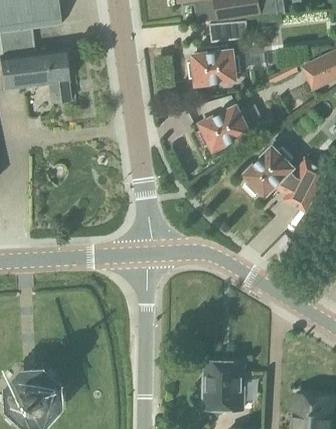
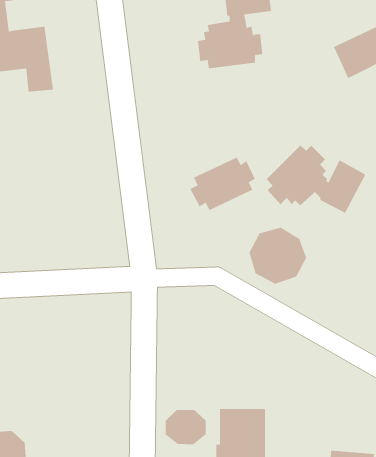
building: [198,105,252,149] -> [189,157,256,211]
building: none -> [249,227,307,285]
building: none -> [165,409,206,445]

